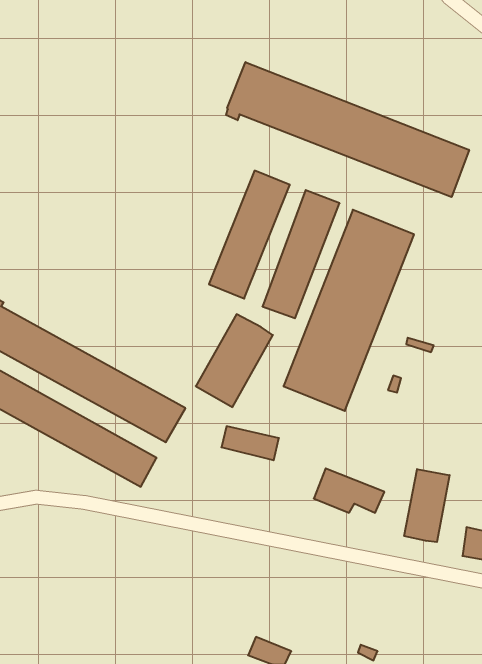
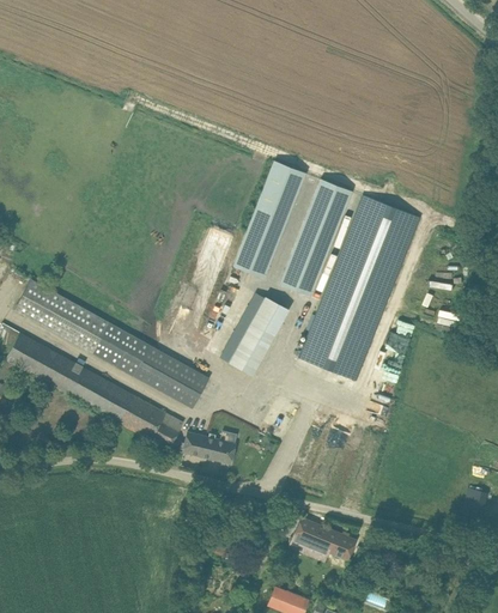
building: [226,62,469,197] -> none
building: [221,426,279,460] -> [182,432,235,463]
building: [314,468,384,513] -> [291,518,356,559]
building: [404,469,450,542] -> none

